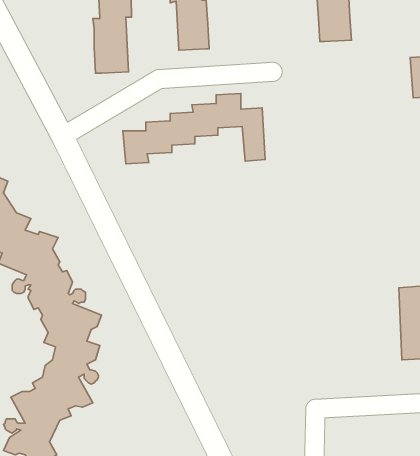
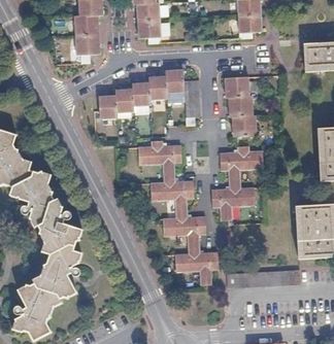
building: none -> [224,76,256,136]
building: none -> [137,141,218,286]
building: none -> [211,146,262,221]
building: none -> [226,272,300,289]

